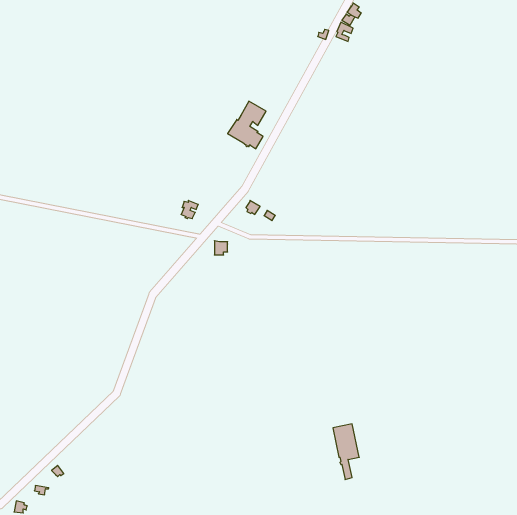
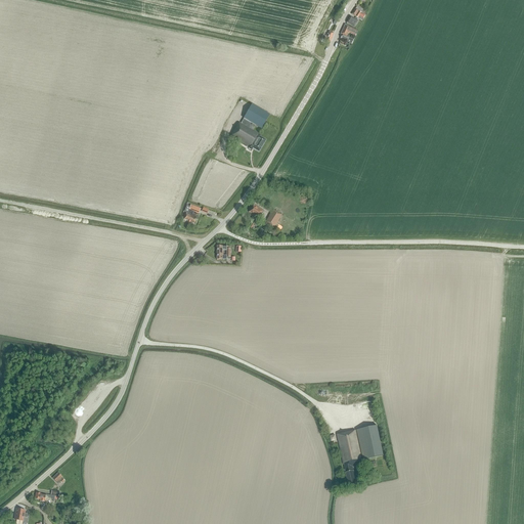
building: none -> [356,424,384,458]

